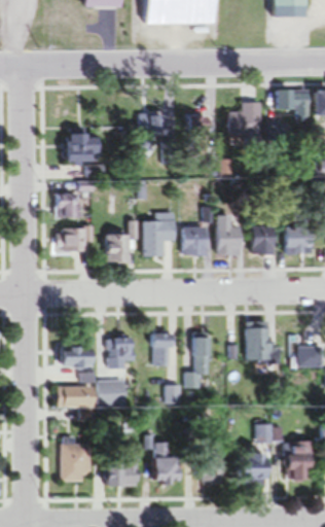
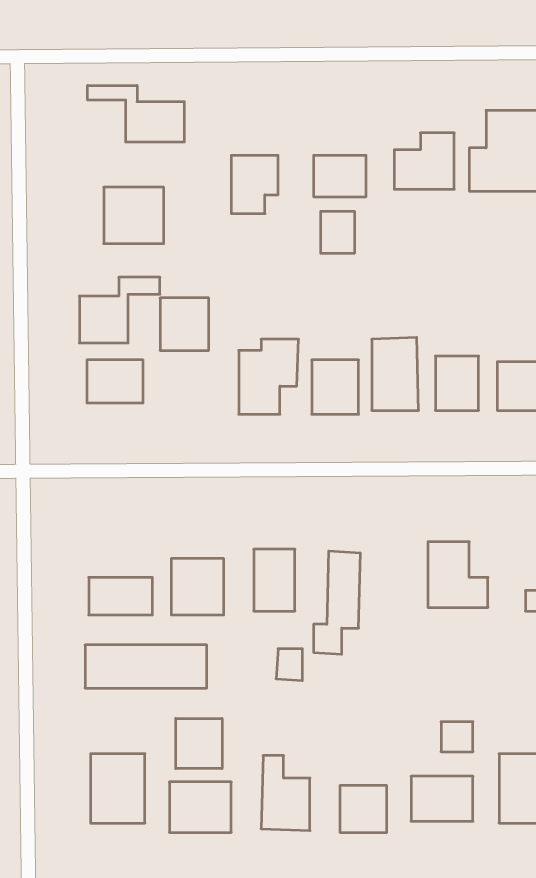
building: none -> [88,85,184,142]
building: none -> [321,211,354,253]
building: [104,234,131,262] -> [160,298,209,350]
building: none -> [176,718,222,769]

